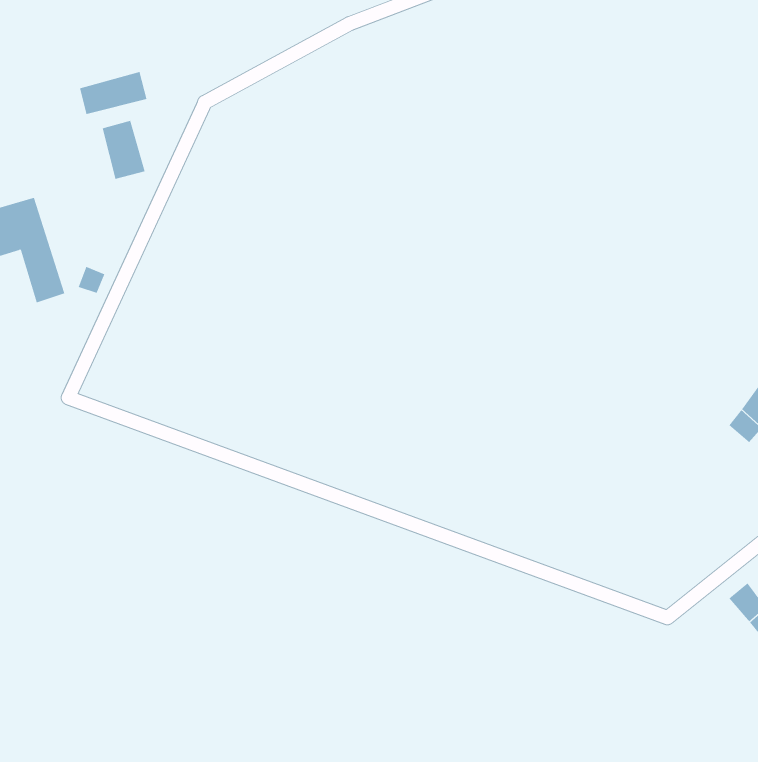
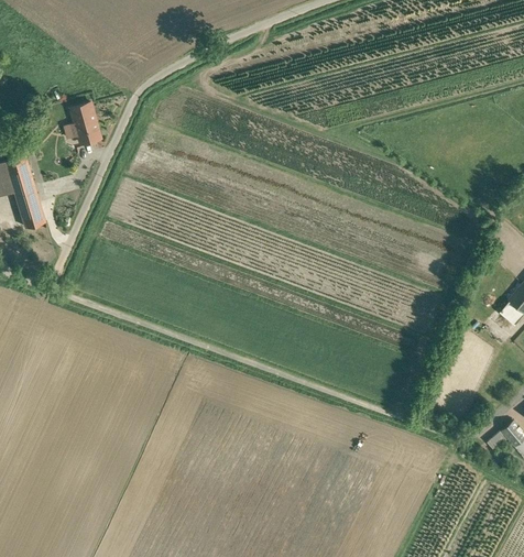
building: [79,71,147,115] -> none

